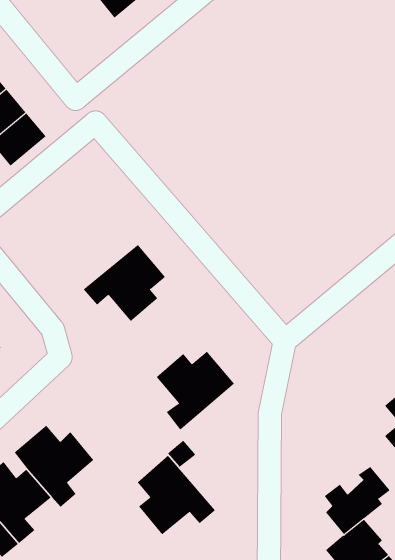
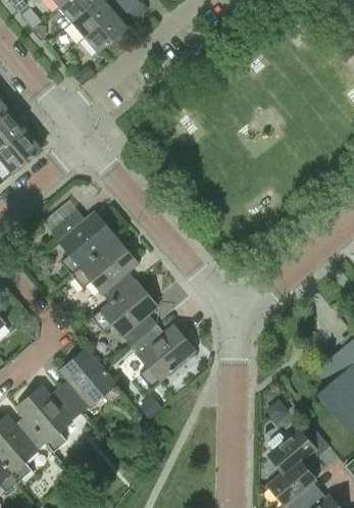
building: none -> [51,209,115,274]
building: none -> [90,280,158,346]
building: [137,455,216,535] -> [59,348,123,413]

